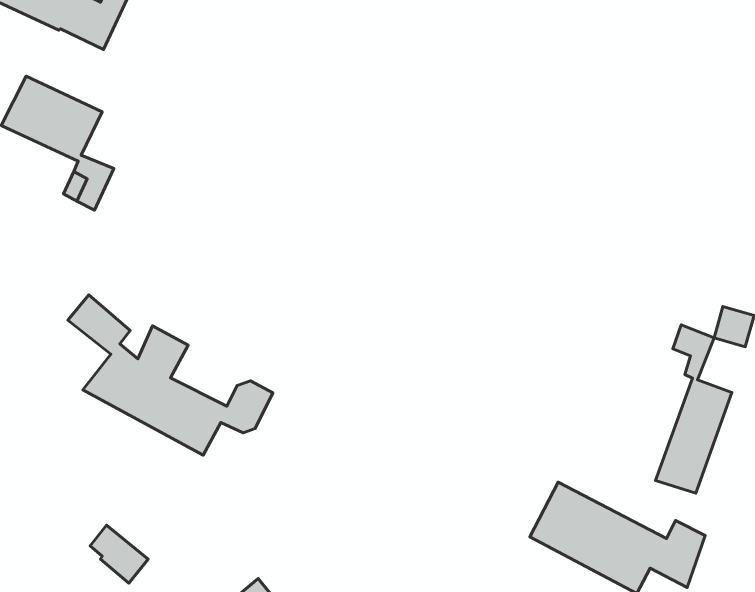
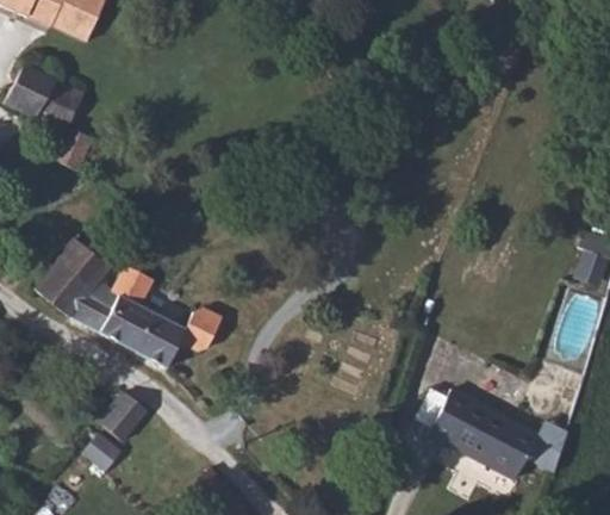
building: none -> [35,260,92,315]
building: [655,325,732,493] -> none
building: none -> [100,391,147,440]

